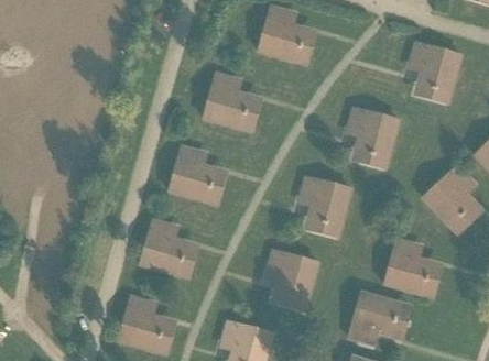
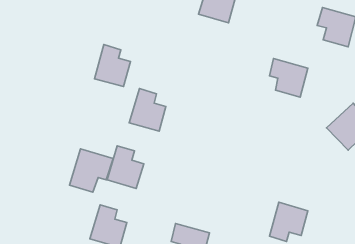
building: [204,75,250,129] -> [94,45,130,86]
building: [301,178,351,228] -> none
building: none -> [69,149,113,192]
building: [384,241,431,295] -> none
building: [268,251,318,302] -> none

